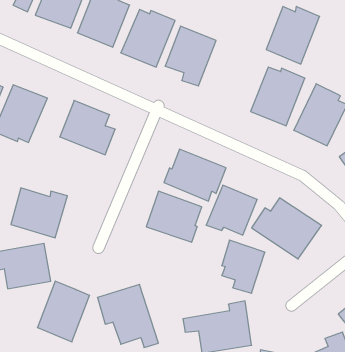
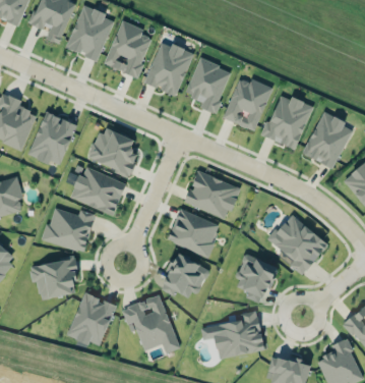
building: [266,6,320,64] -> [224,77,272,130]
building: none -> [70,166,127,215]
building: [206,185,257,235] -> [161,253,207,298]

